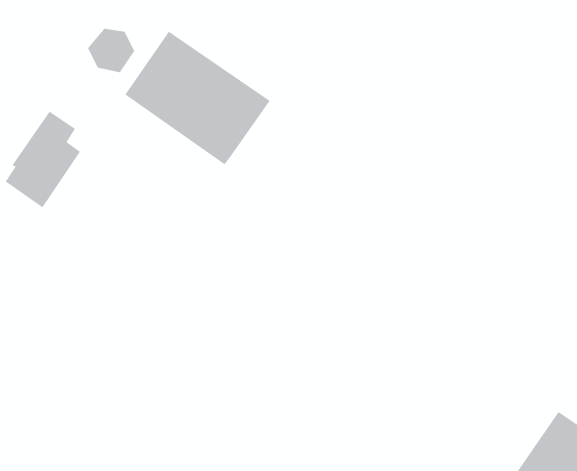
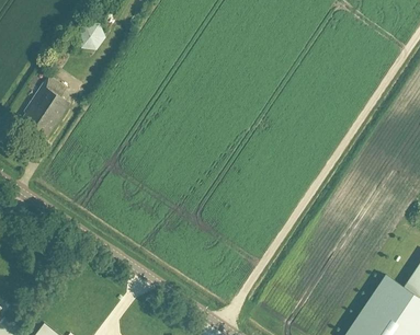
building: [125,31,270,165] -> none

